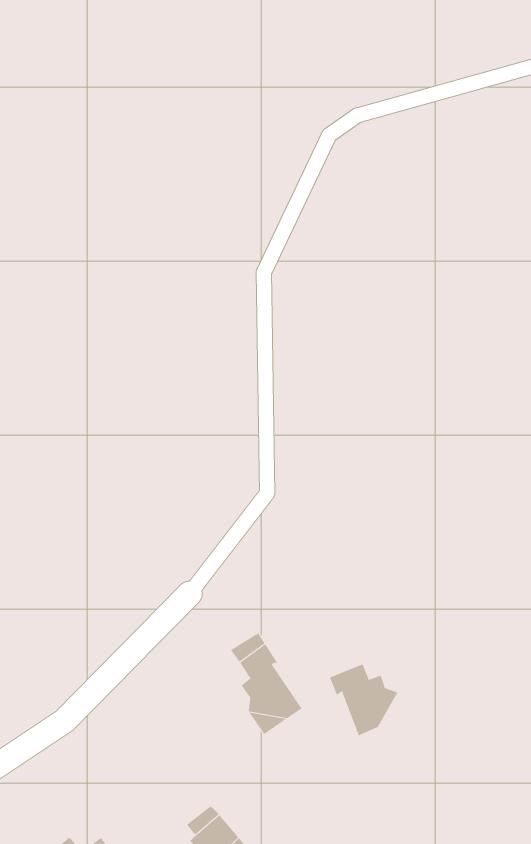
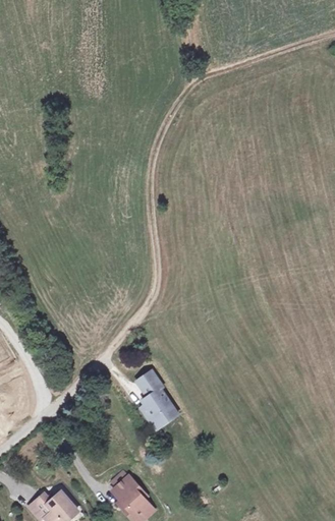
building: [329,664,398,736] -> none

